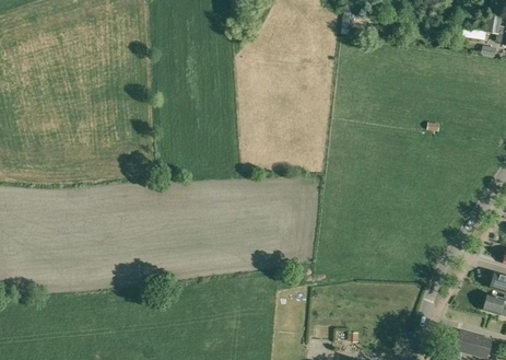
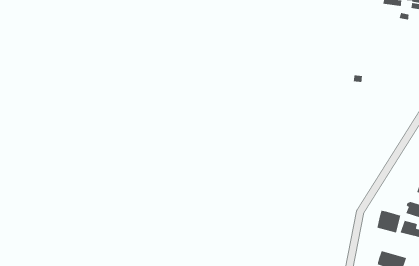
building: none -> [376,210,401,234]

